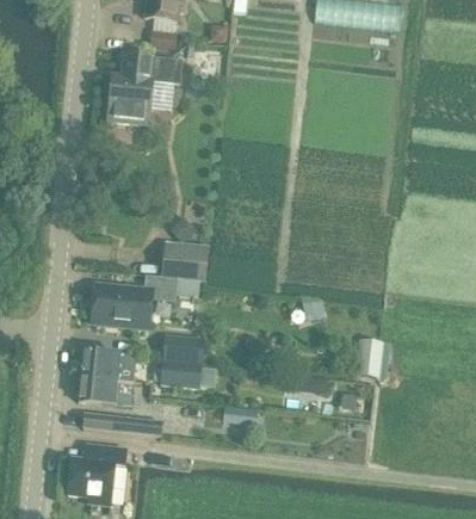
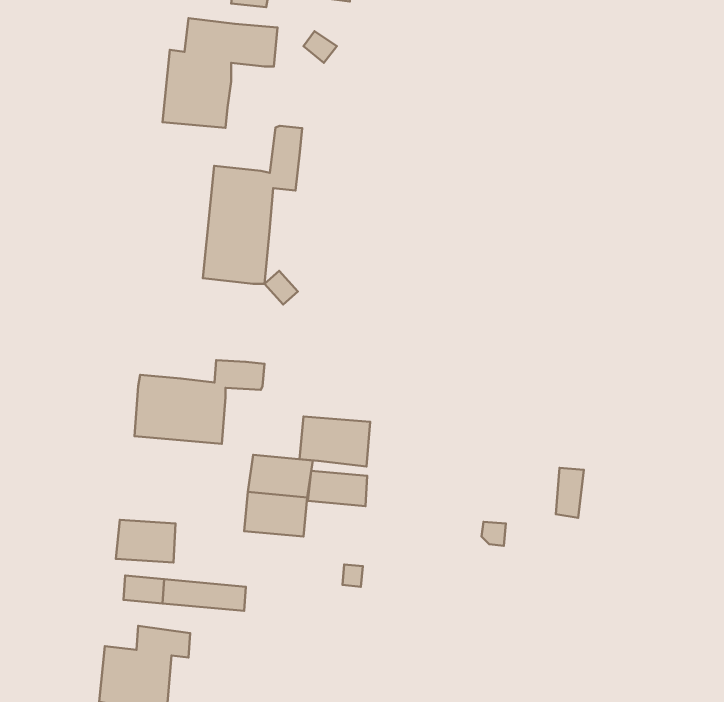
building: none -> [203,126,302,284]
building: [162,247,208,279] -> [300,416,370,467]
building: none -> [308,471,367,506]
building: [81,351,137,379] -> none

